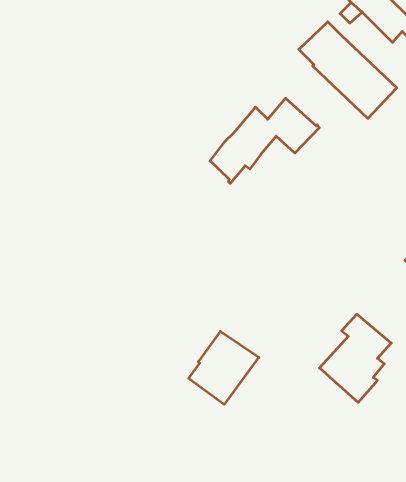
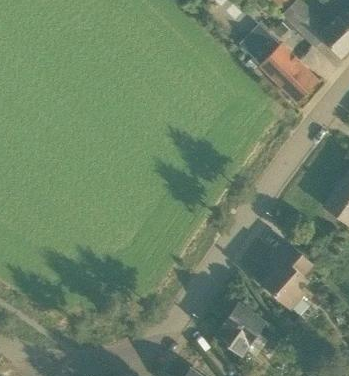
building: [210,98,319,183] -> none
building: [189,331,259,404] -> [214,302,265,355]

